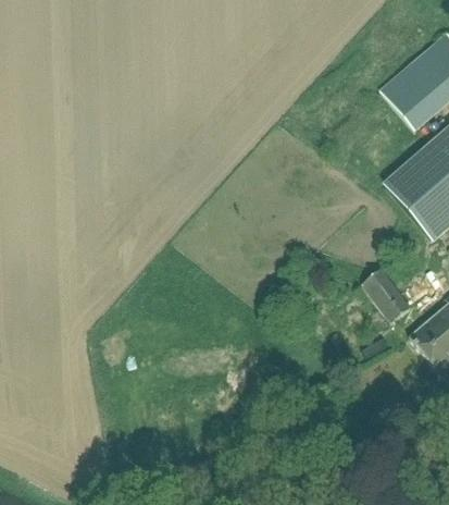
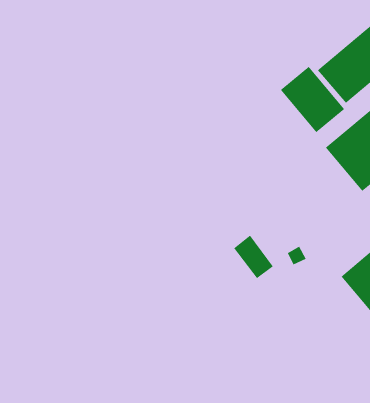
building: none -> [280,66,345,133]
building: [361,268,410,321] -> [233,235,274,279]

